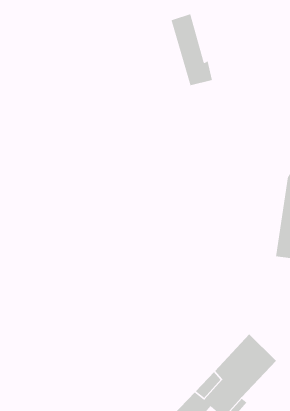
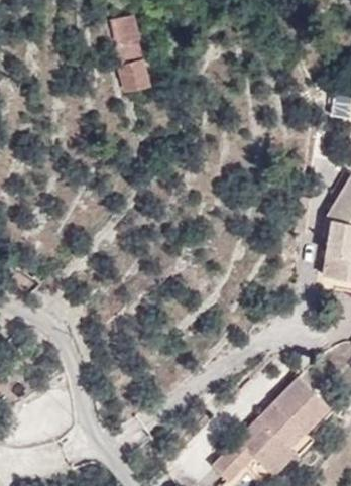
building: [171,13,213,86] -> [105,17,151,97]

